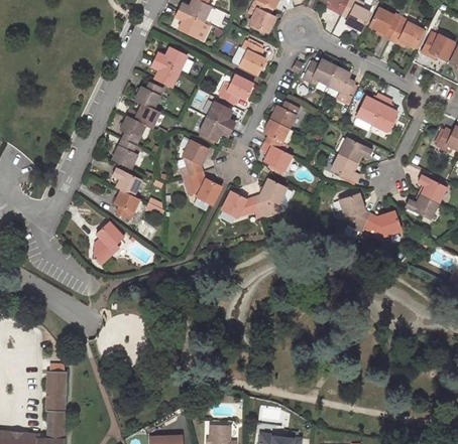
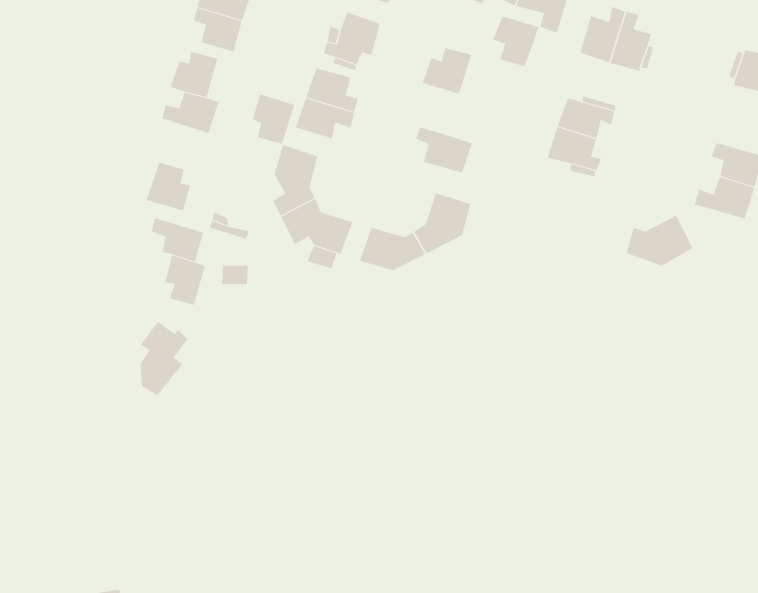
building: [121,116,145,145] -> [252,94,295,145]
building: [262,119,289,148] -> [493,16,540,67]
building: [338,193,370,232] -> none

